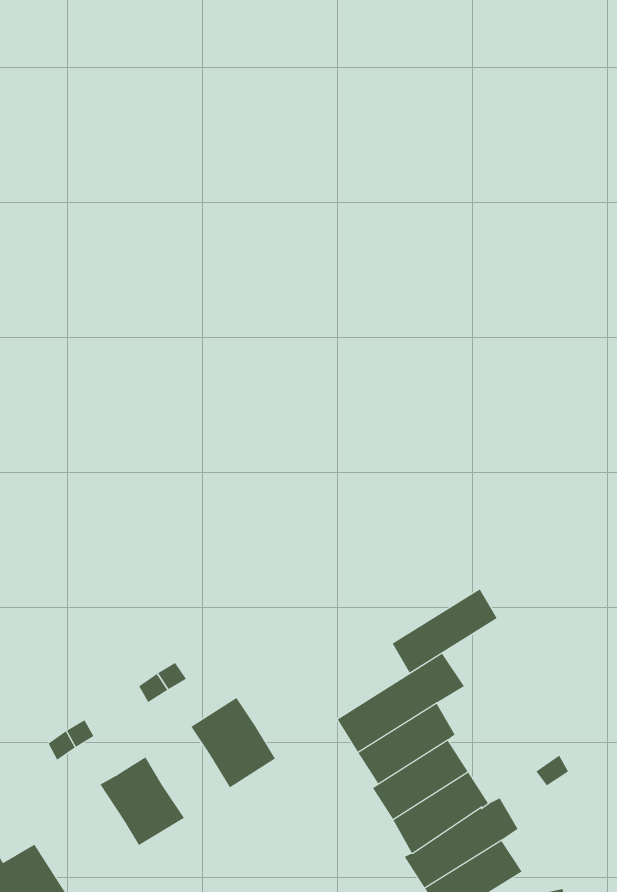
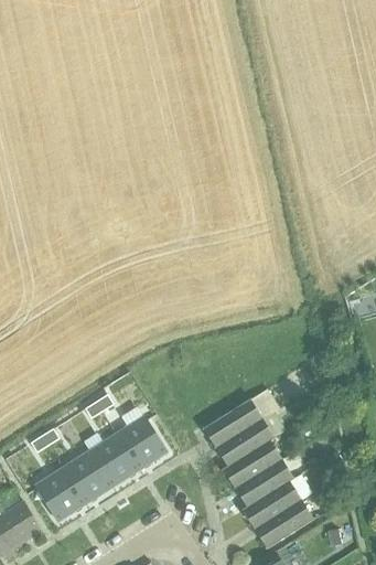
building: [392,588,498,673] -> none
building: none -> [90,433,140,487]
building: none -> [35,467,86,521]

